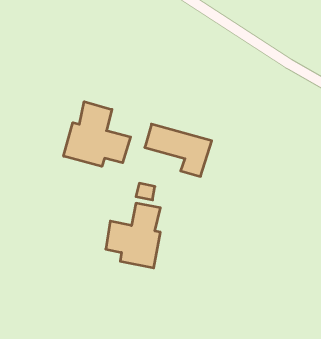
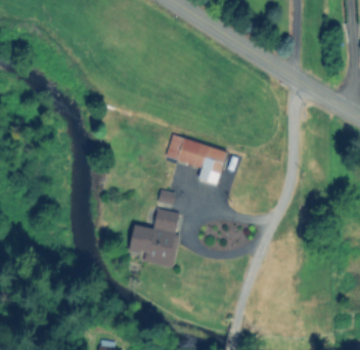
building: [64,102,131,166] -> none

